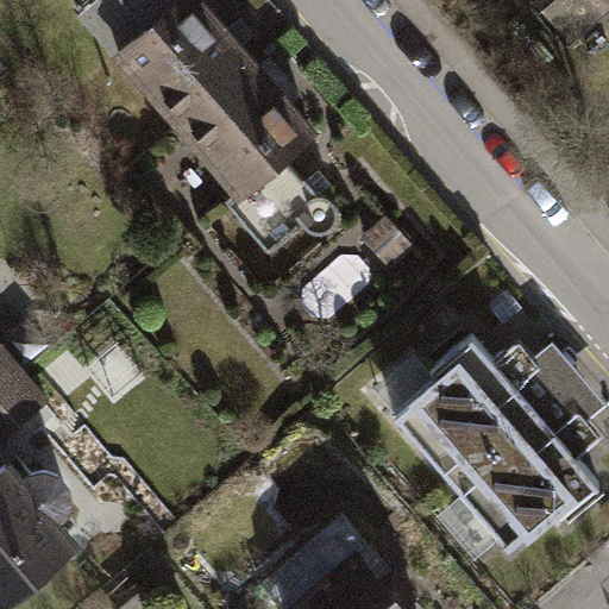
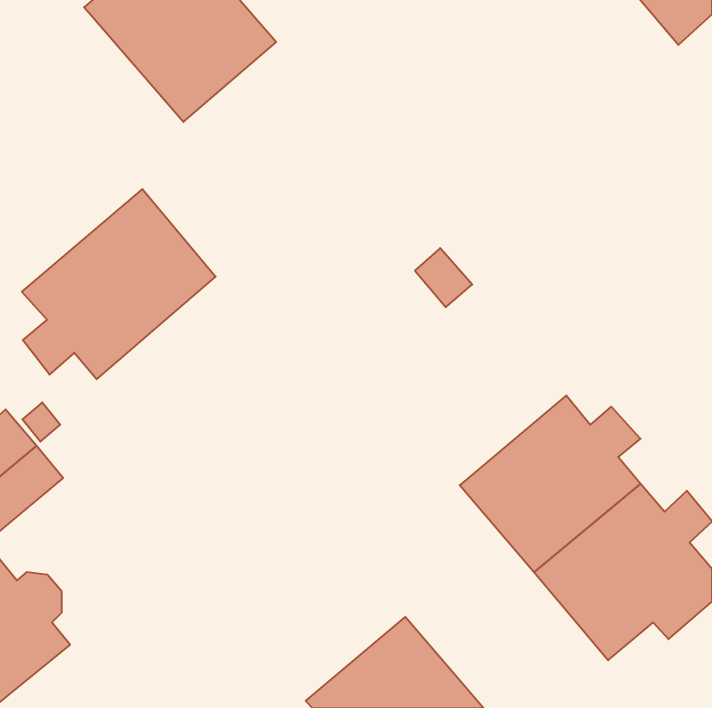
building: [156,36,331,232] -> none
building: none -> [22,189,216,379]

